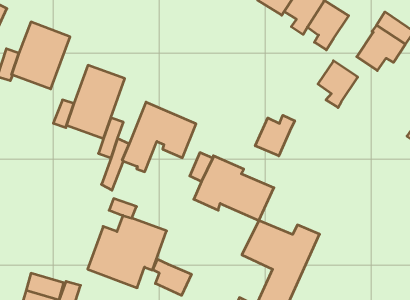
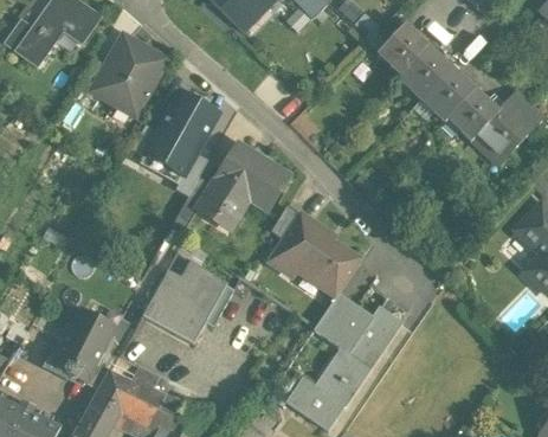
building: [318,61,358,108] -> [453,88,498,140]
building: [255,115,295,156] -> none
building: [153,259,191,295] -> none

